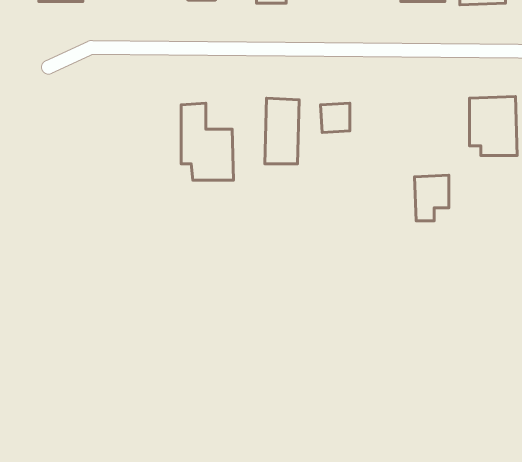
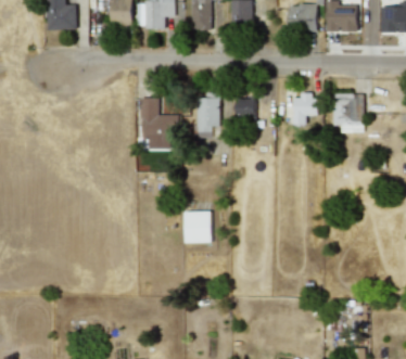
building: [414,175,449,221] -> [293,93,316,124]
building: none -> [185,210,212,242]

